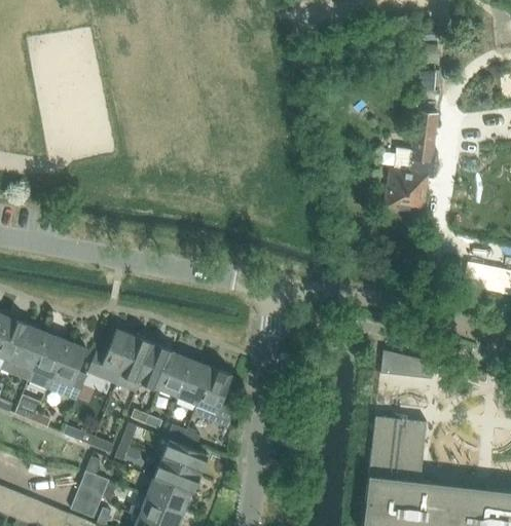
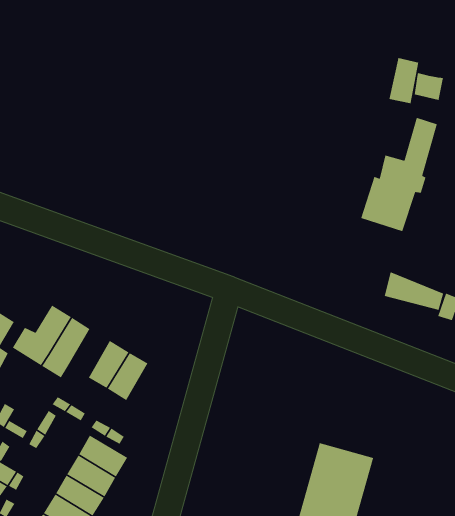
building: none -> [388,57,419,104]
building: [141,345,174,389] -> none
building: [380,350,434,379] -> [384,271,444,311]
building: [193,368,233,428] -> none

